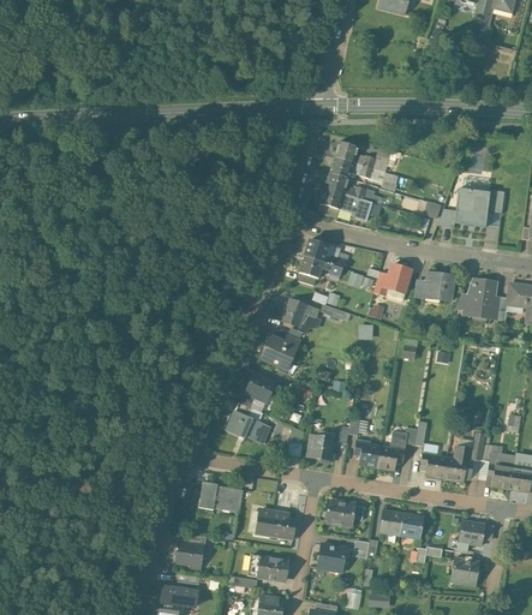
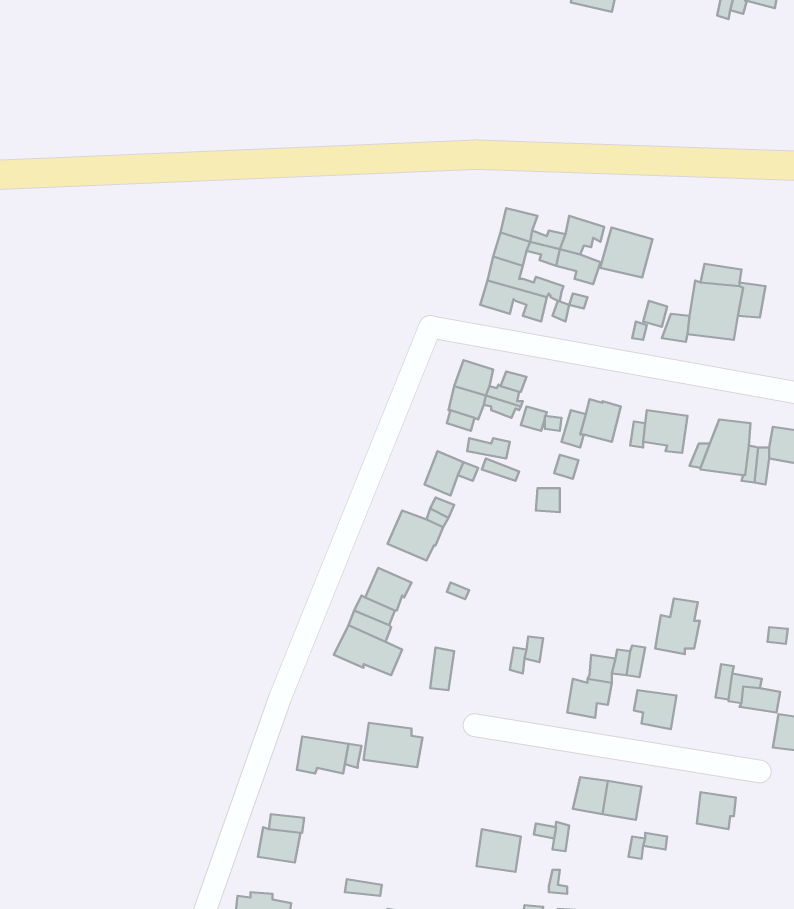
building: none -> [600,227,652,278]
building: [310,431,334,464] -> none
building: [353,441,379,468] -> none
building: [443,447,472,483] -> [655,599,700,654]
building: [485,465,513,491] -> none
building: [324,501,355,527] -> none
building: [257,510,295,539] -> [363,723,423,767]
building: [247,555,287,581] -> none
building: [450,557,479,585] -> none

